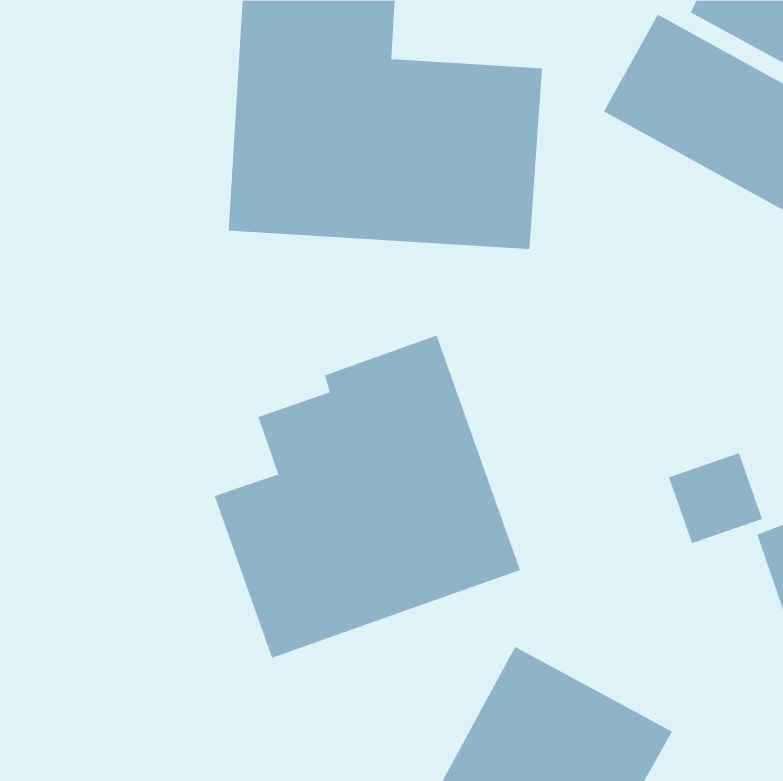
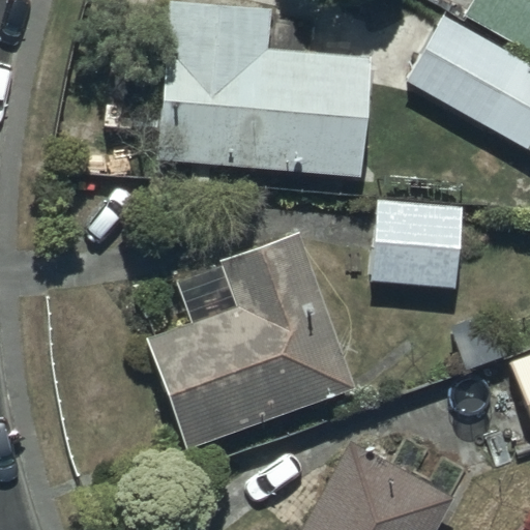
building: none -> [373,204,462,291]

